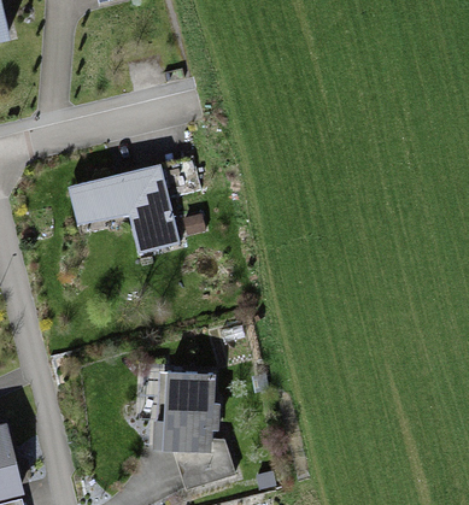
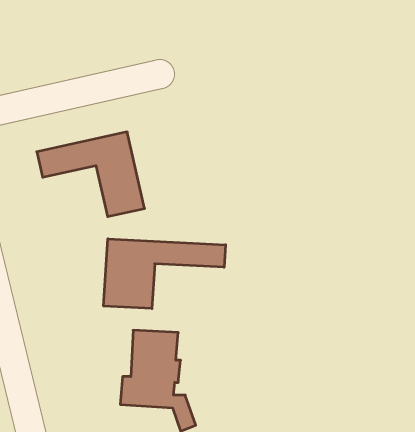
building: none -> [104,239,226,309]

